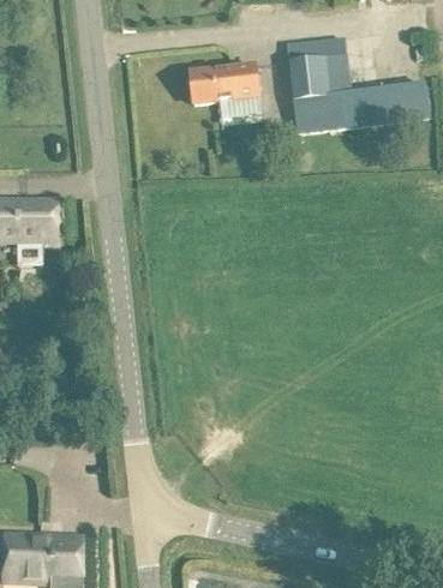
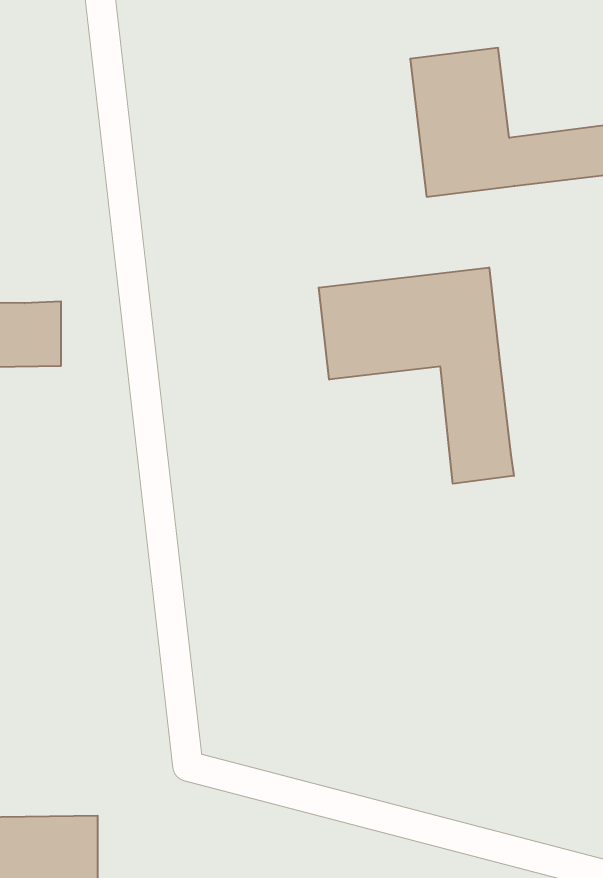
building: [190,66,258,121] -> none
building: none -> [319,267,514,484]

